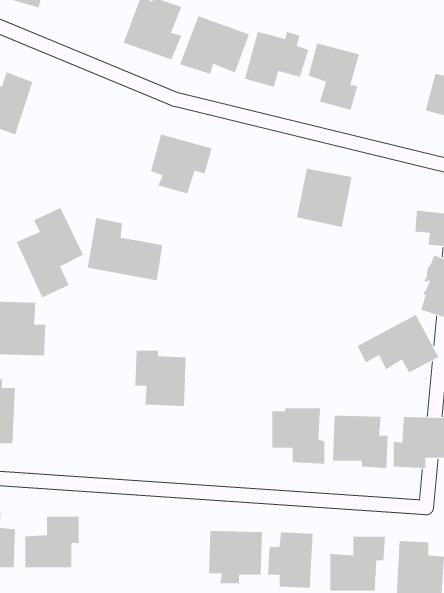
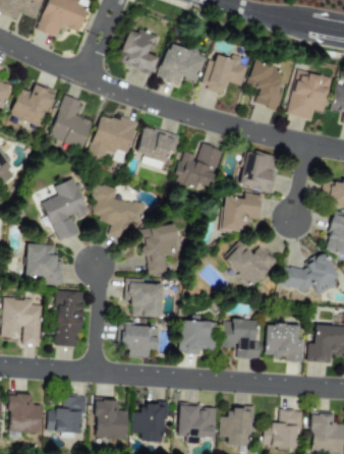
building: none -> [287,69,332,119]
building: none -> [50,95,92,149]
building: none -> [88,114,138,160]
building: none -> [173,143,224,188]
building: none -> [220,192,263,233]
building: none -> [140,224,179,275]
building: none -> [224,242,277,287]
building: none -> [55,290,83,347]
building: none -> [178,321,216,353]
building: none -> [120,324,159,357]
building: none -> [96,397,127,438]
building: none -> [132,401,166,442]

